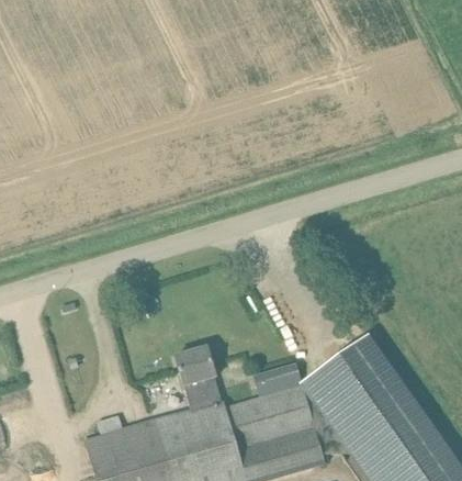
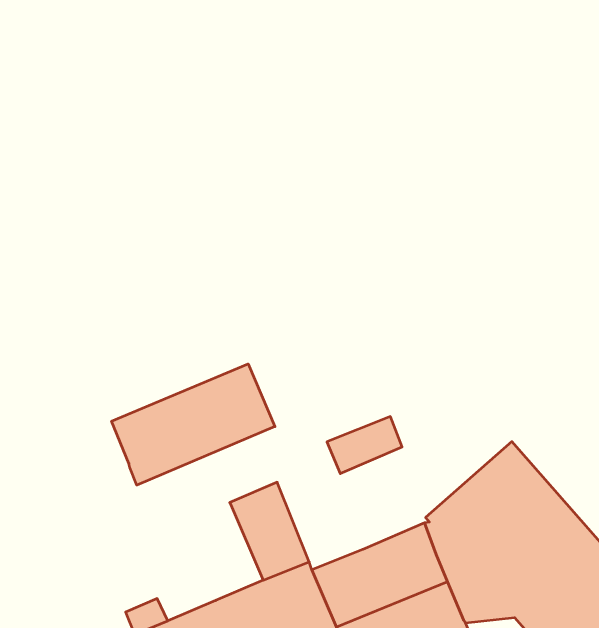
building: none -> [112,364,275,485]
building: [253,363,303,398] -> [327,417,402,474]

